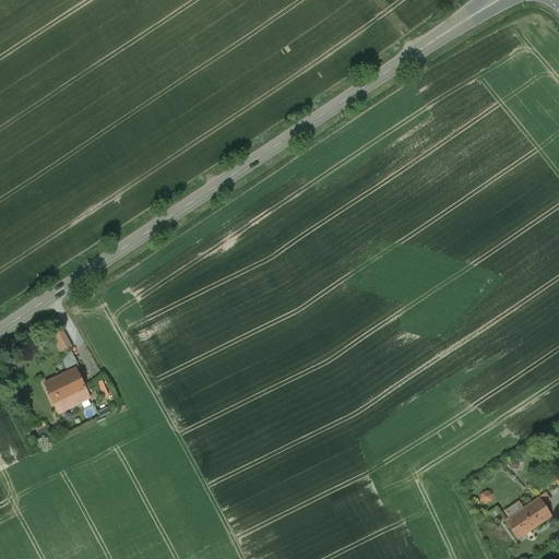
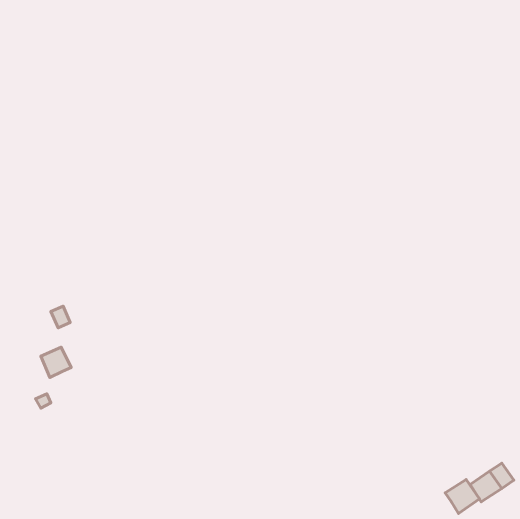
building: [66,368,90,406] -> none
building: none -> [445,480,479,513]

